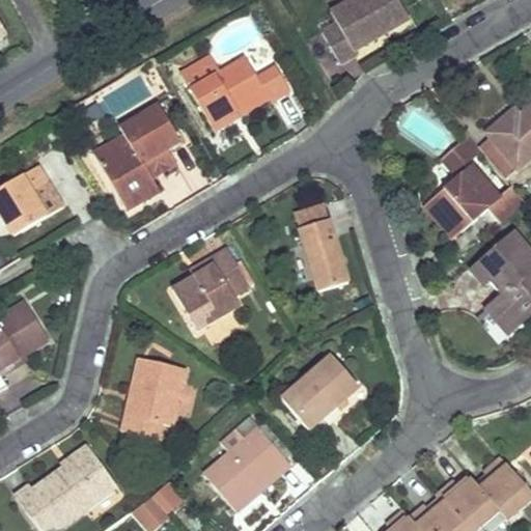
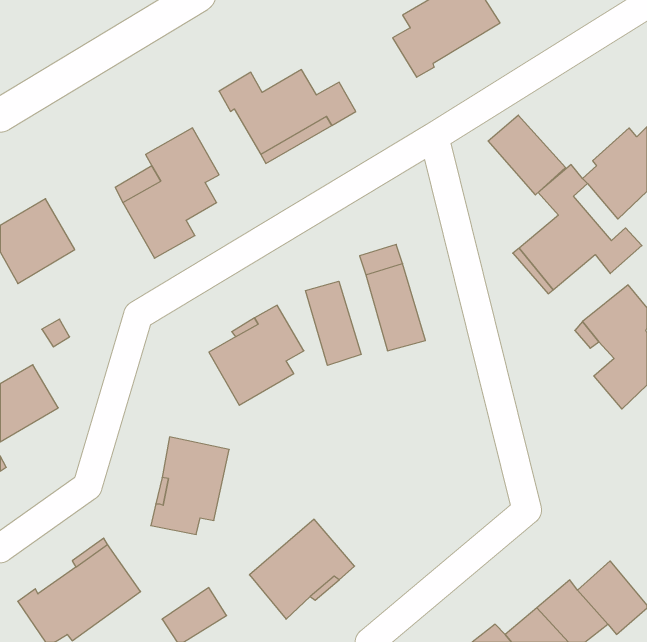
building: none -> [488,115,565,195]
building: none -> [306,281,361,365]
building: [284,357,360,430] -> none

